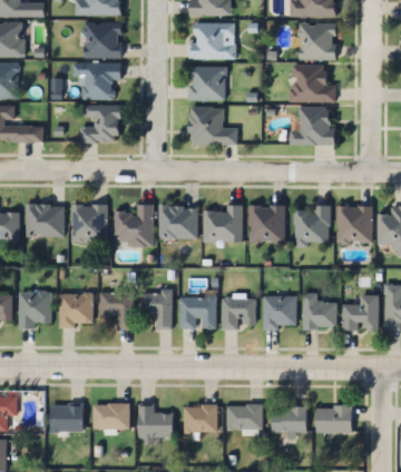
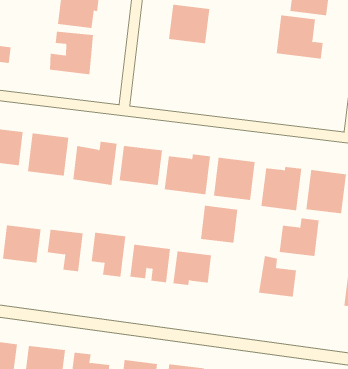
building: [291,107,332,146] -> none
building: [190,108,236,145] -> none
building: [264,295,296,327] -> [200,205,238,243]
building: [343,295,378,330] -> [279,218,320,257]

